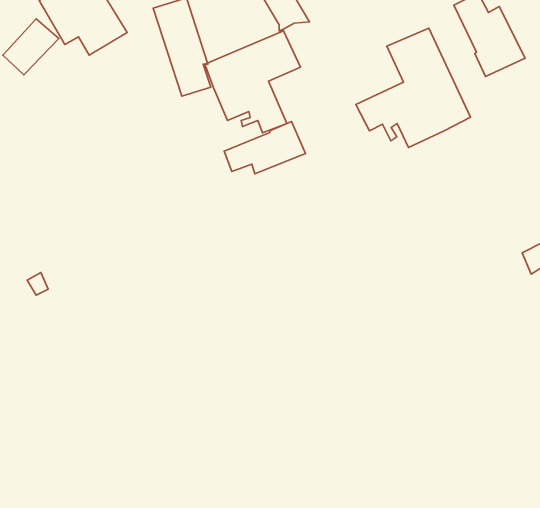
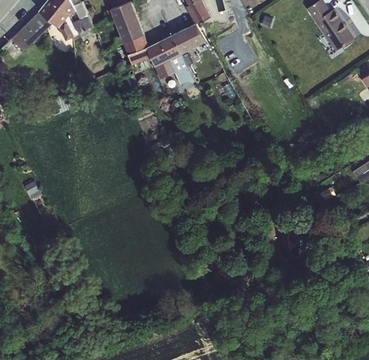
building: [356,28,471,147] -> none
building: [224,121,305,174] -> none

